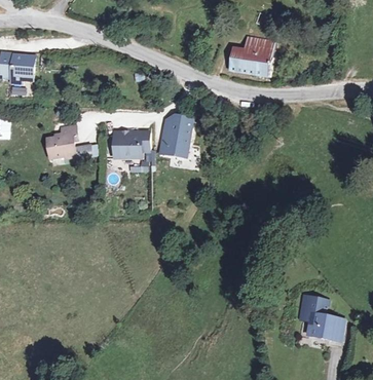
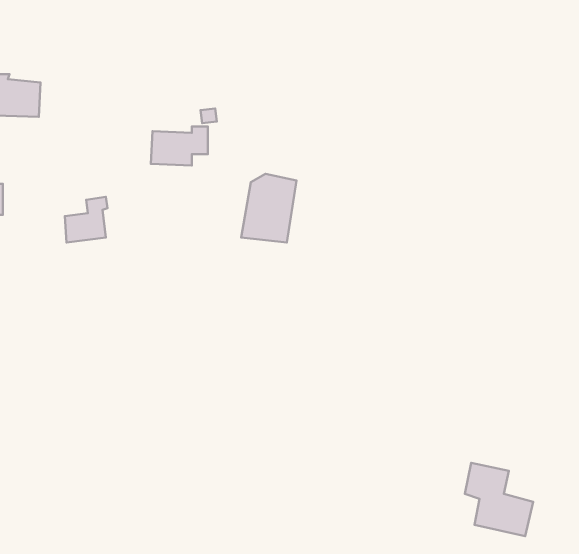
building: [229,37,275,77] -> none
building: [112,131,148,156] -> [151,126,208,166]

